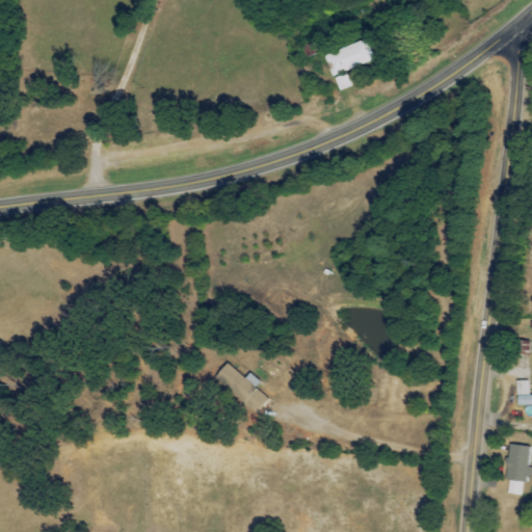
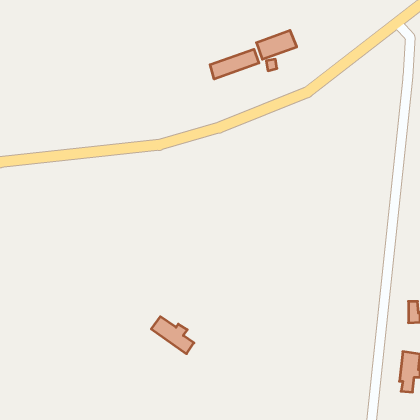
building: none -> [210,49,259,79]
building: [214,364,268,410] -> [151,317,194,354]

